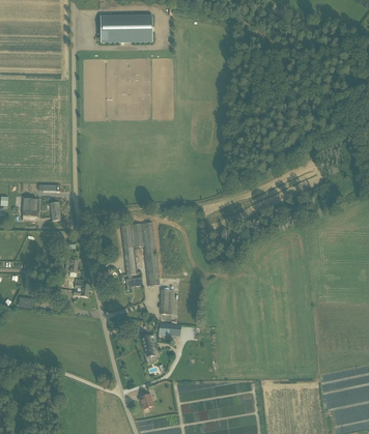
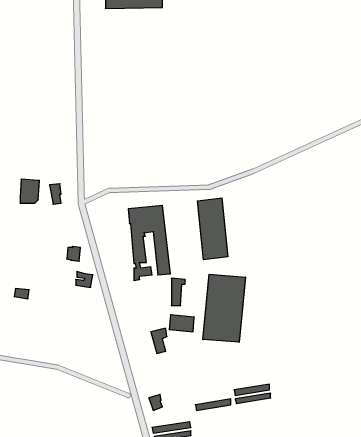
building: none -> [197,198,228,260]
building: none -> [203,274,245,342]

